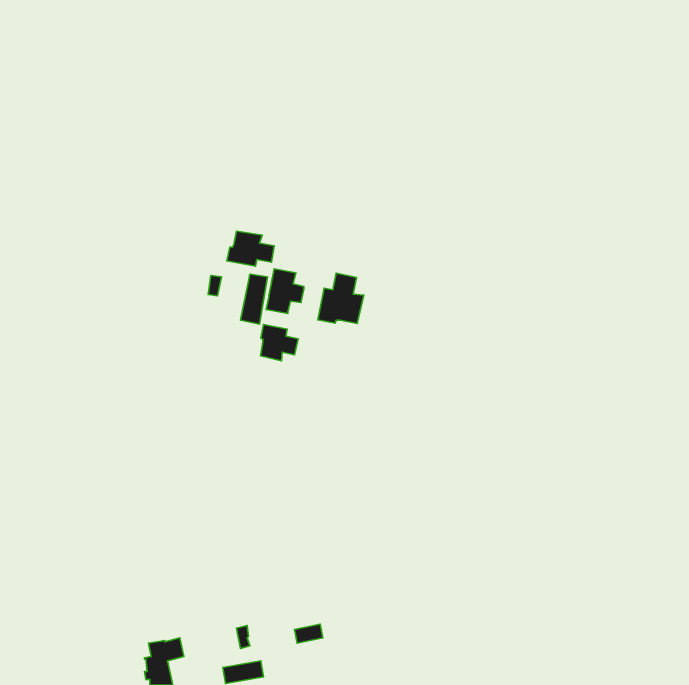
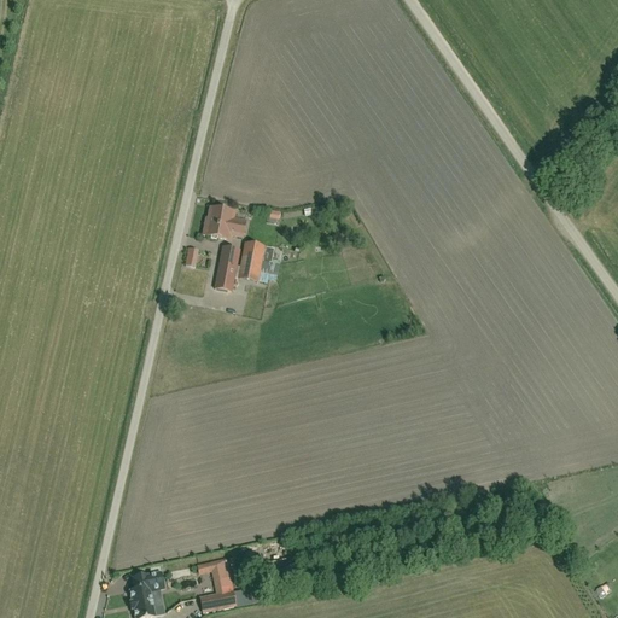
building: [318,273,364,323] -> none
building: [260,325,298,361] -> none

